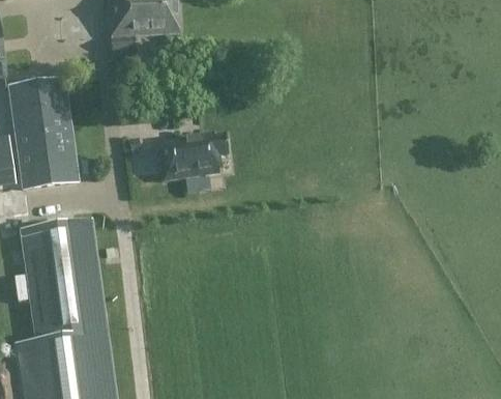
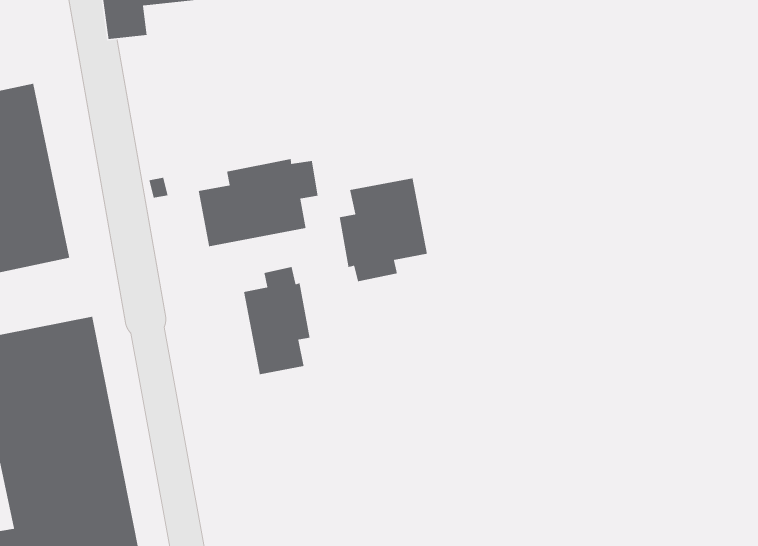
building: none -> [339,177,428,282]
building: none -> [243,266,310,375]

